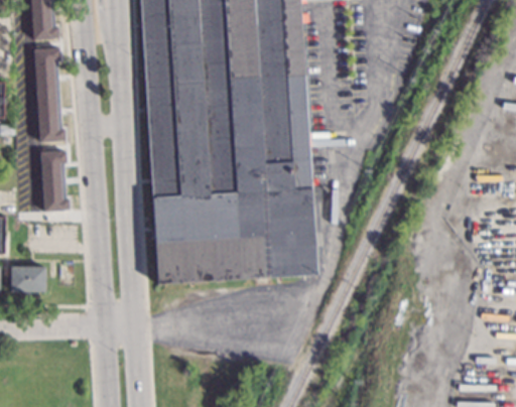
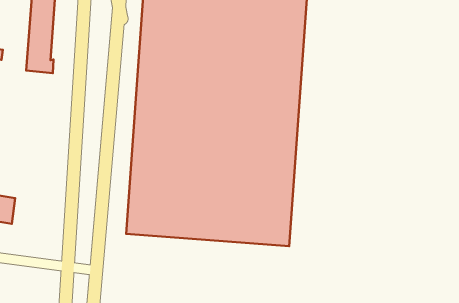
building: [40,150,70,211] -> none

